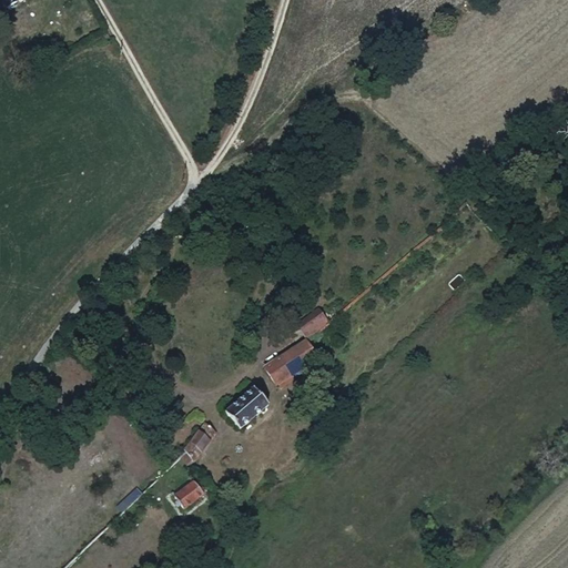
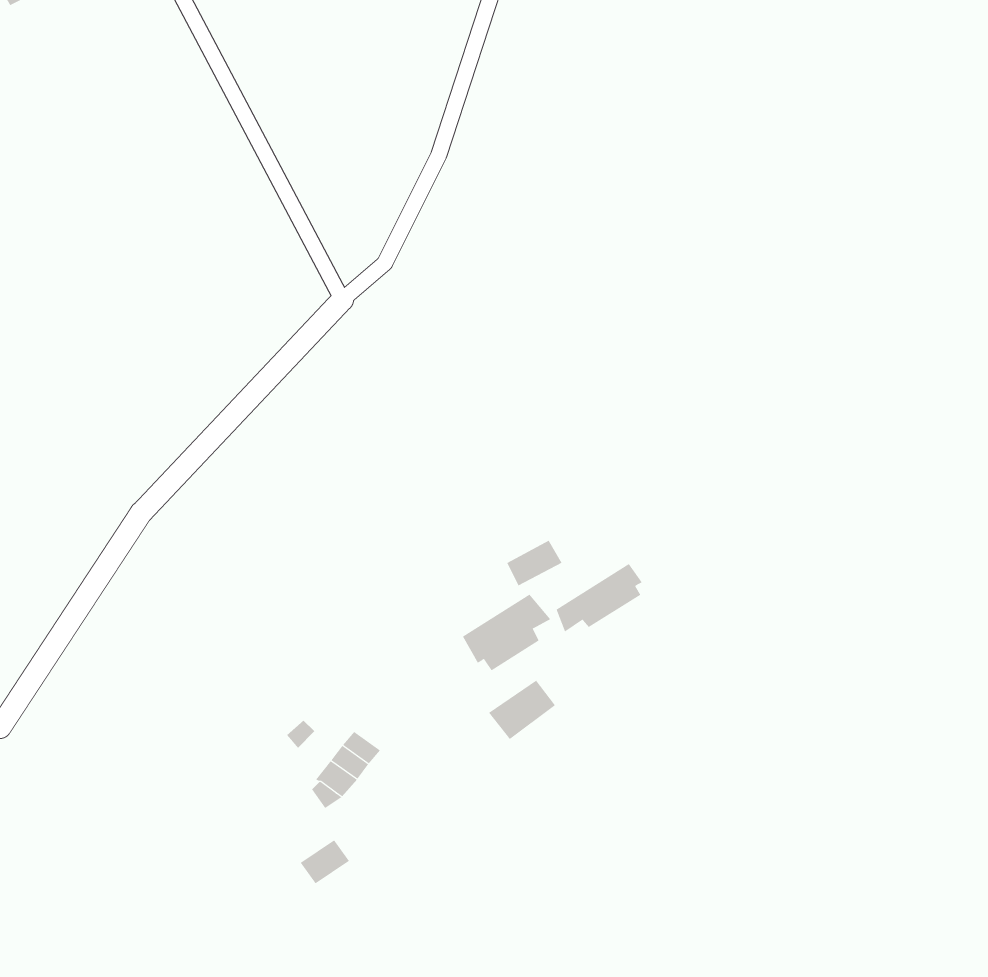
building: none -> [556,563,642,632]
building: [227,386,266,420] -> [488,680,556,740]

